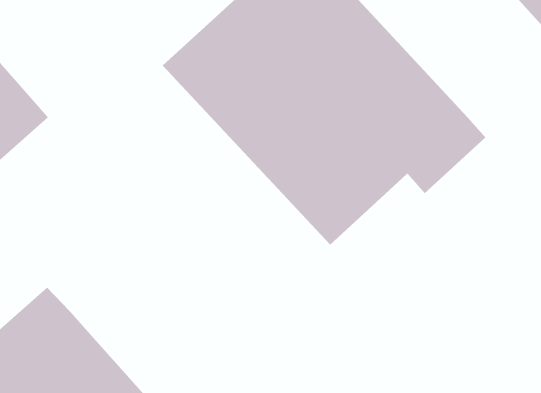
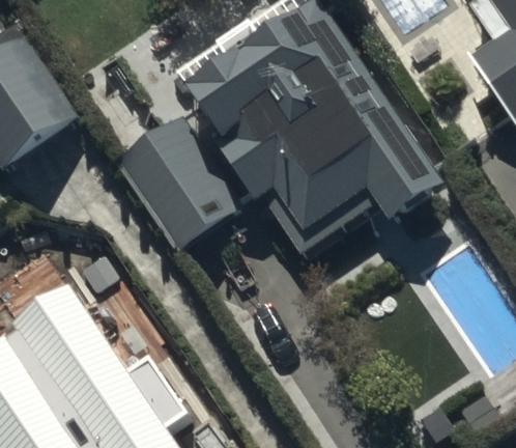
building: none -> [106,113,240,256]

